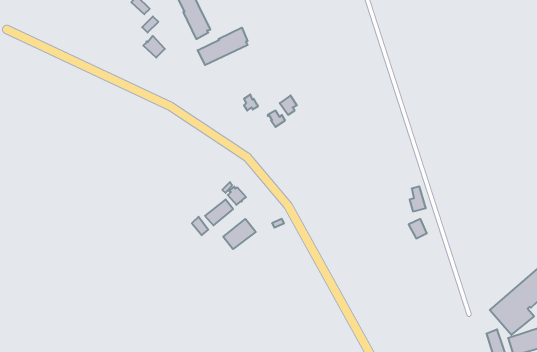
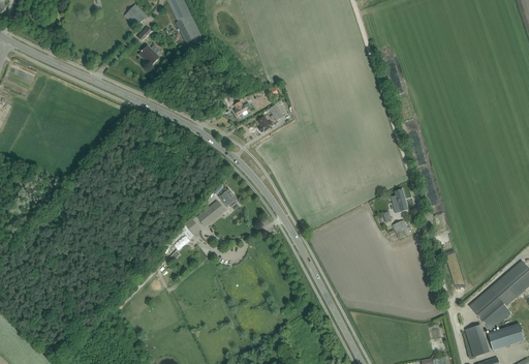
building: [198,28,248,65] -> none
building: [223,219,256,249] -> none

